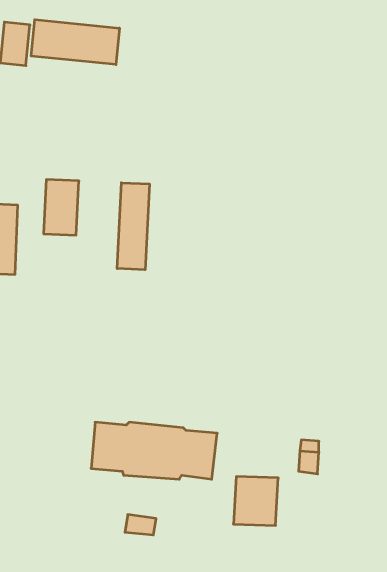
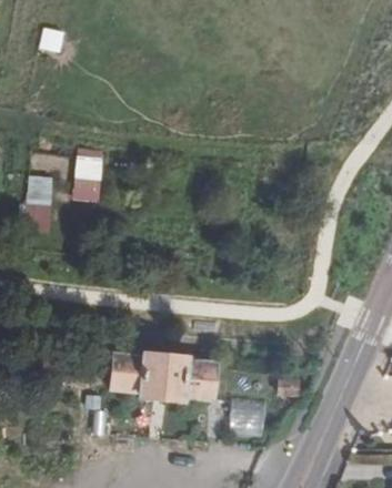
building: [31,20,119,65] -> none
building: [117,183,149,270] -> none

